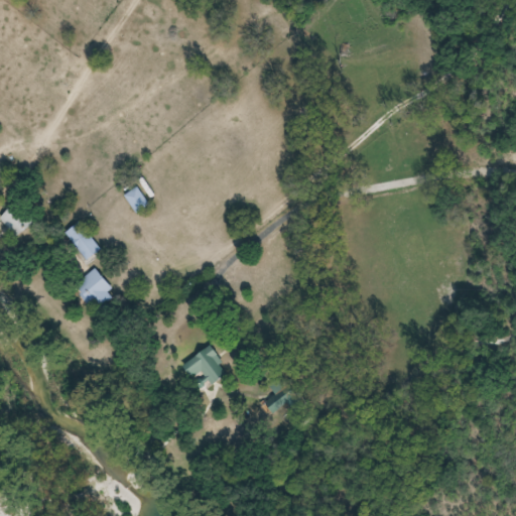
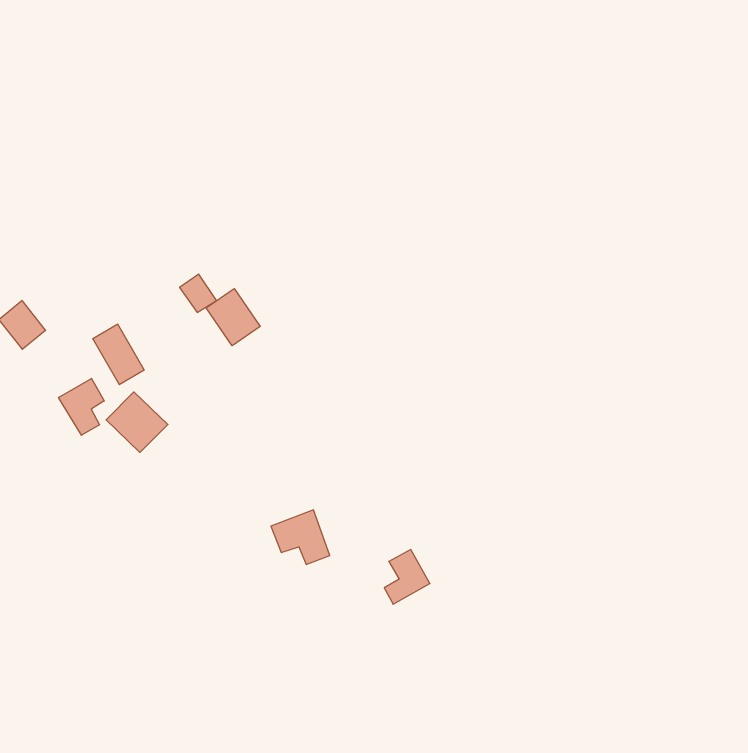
building: none -> [206,289,260,346]
building: none -> [59,378,104,435]

